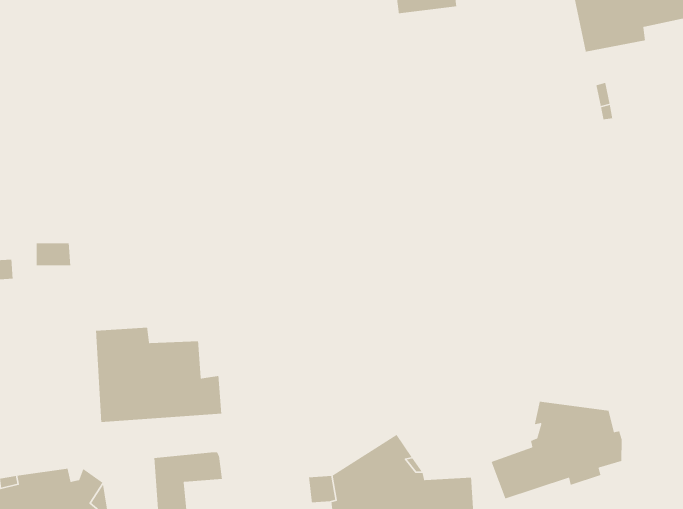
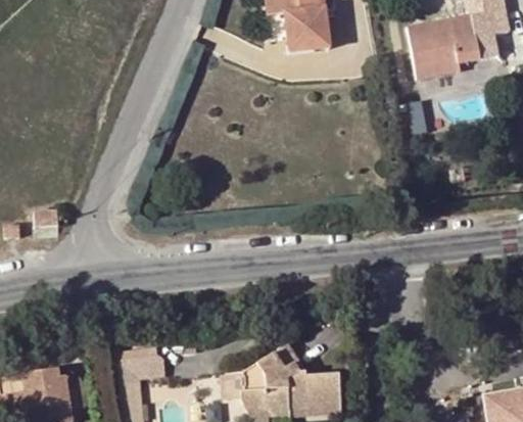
building: [95,327,222,423] -> none
building: [490,401,622,500] -> none

